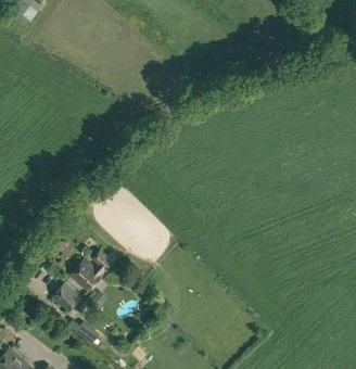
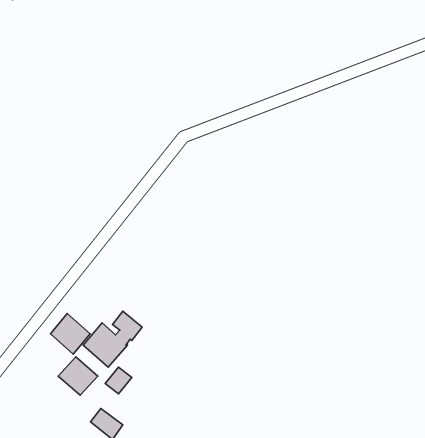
building: none -> [50,314,90,354]

